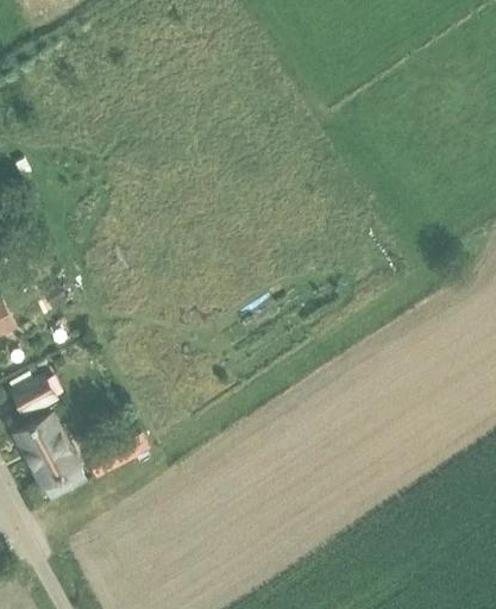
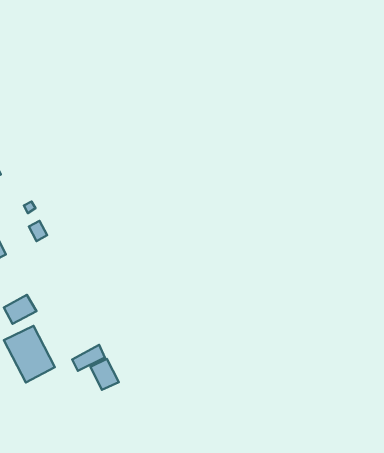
building: none -> [91,359,119,390]

